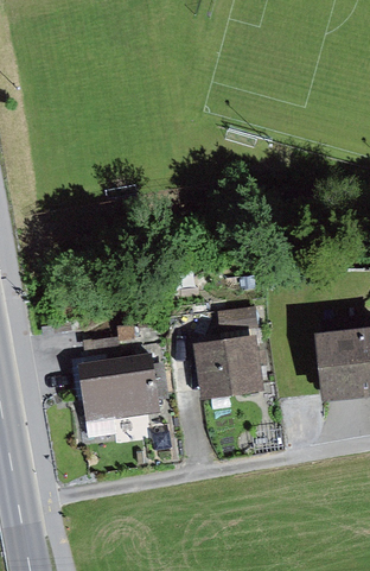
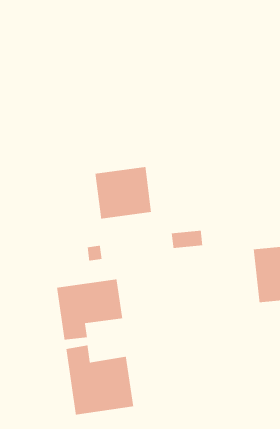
building: [194,332,263,396] -> [95,166,152,220]
building: none -> [65,344,134,416]

